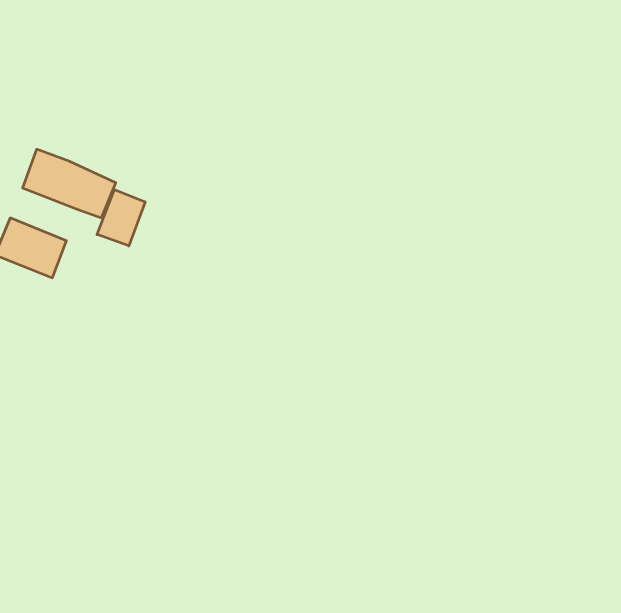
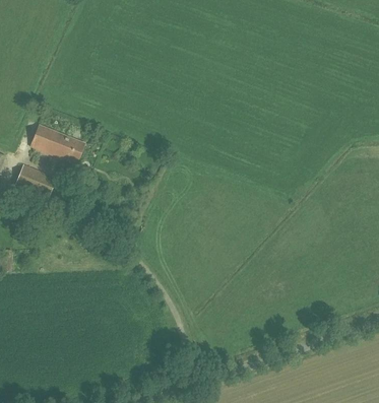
building: [97,189,145,246] -> none

